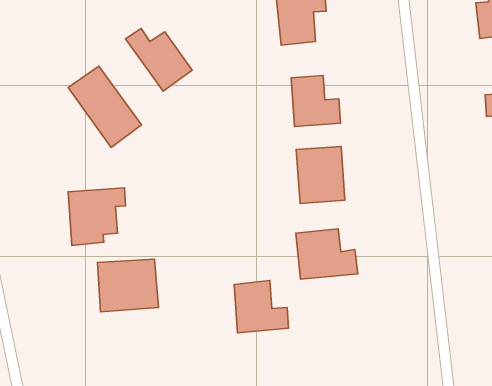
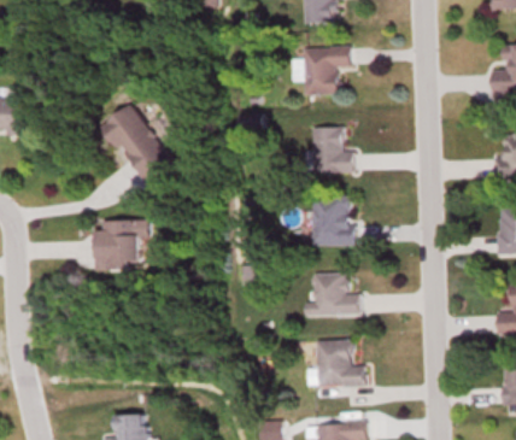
building: [125,28,192,91] -> none
building: [98,259,158,312] -> none
building: [234,280,289,333] -> [317,339,365,386]

